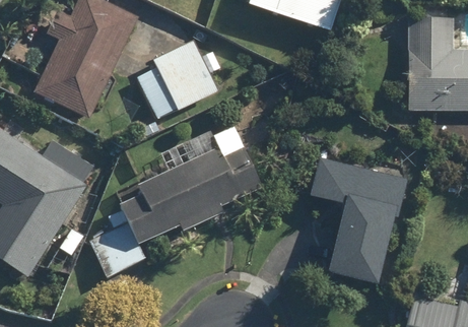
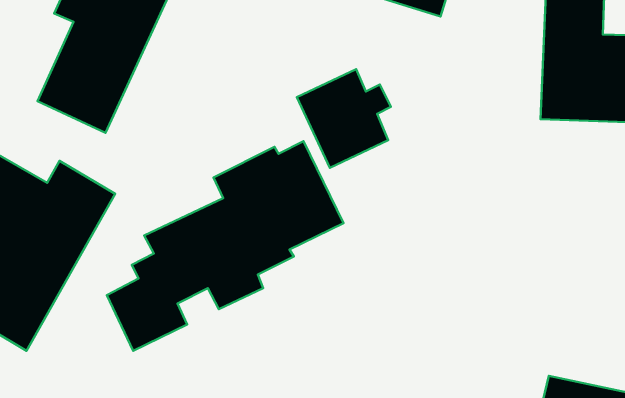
building: [151,39,220,111] -> [297,69,391,168]
building: [312,157,405,285] -> none

